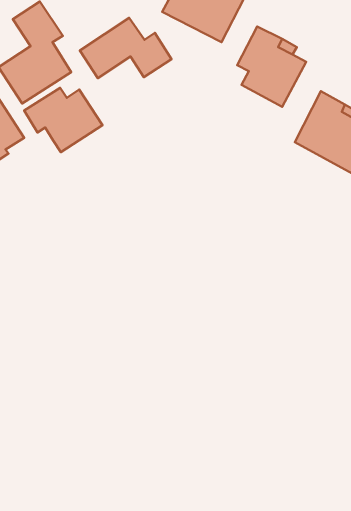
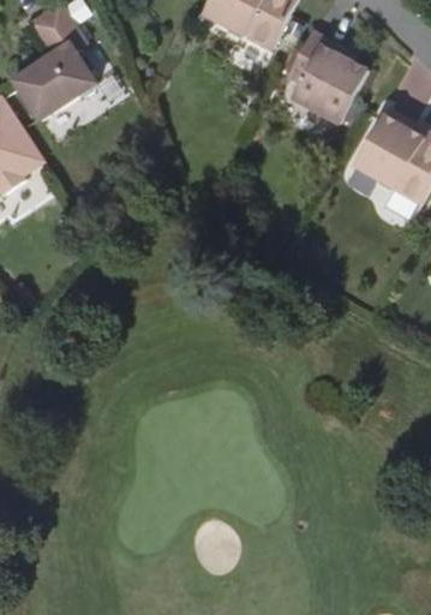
building: [80,18,172,78] -> none
building: [24,88,103,152] -> none

